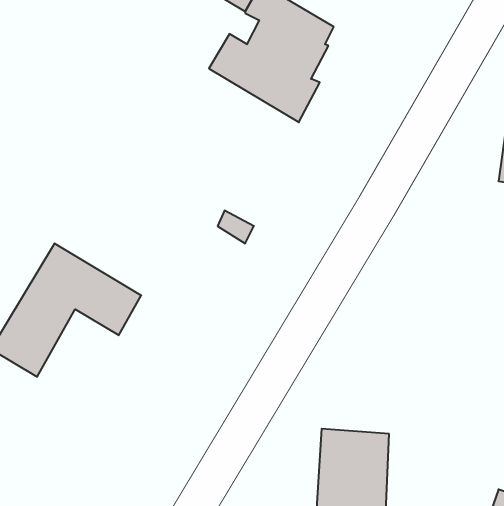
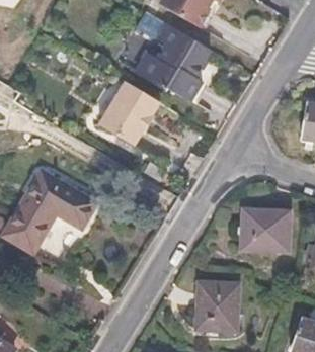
building: none -> [95,80,156,145]
building: none -> [241,208,290,251]

